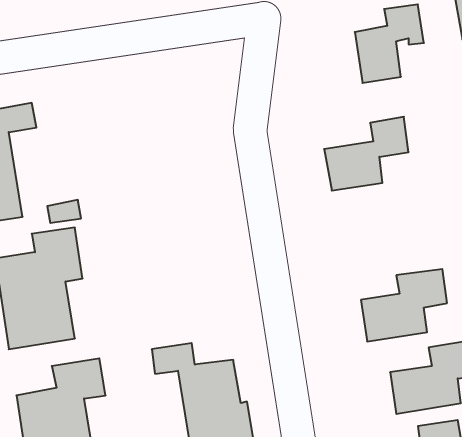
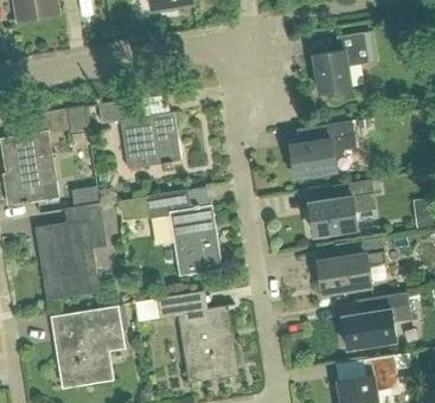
building: none -> [98,98,181,169]
building: none -> [309,179,376,236]
building: none -> [146,191,220,274]

